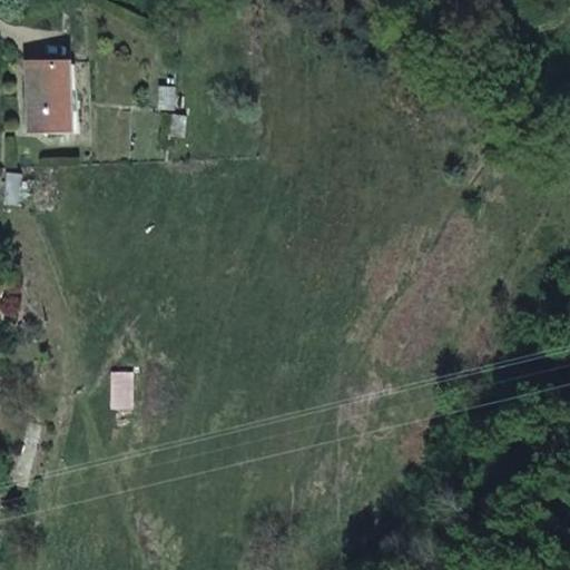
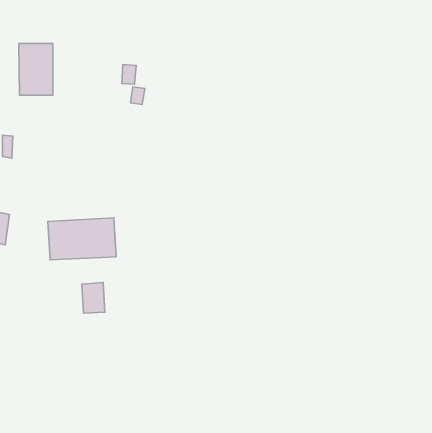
building: none -> [48,218,116,260]

